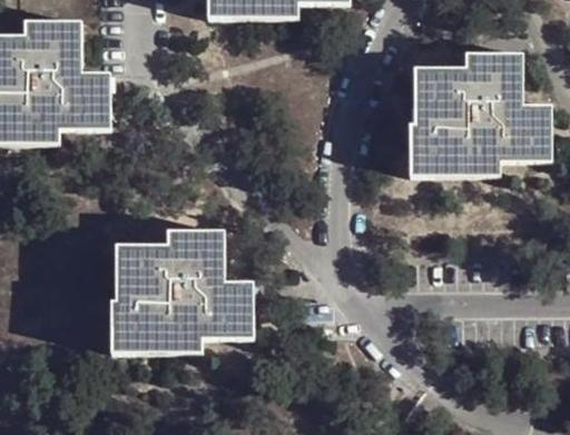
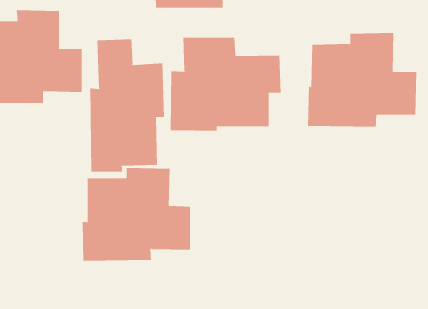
building: none -> [170,37,281,132]
building: none -> [90,39,165,173]

